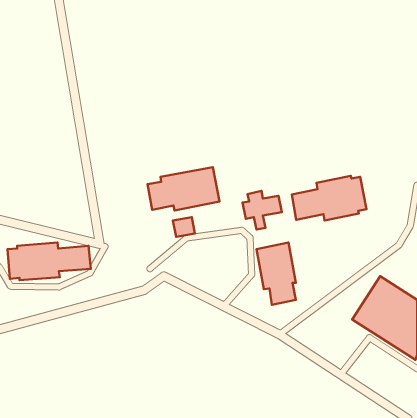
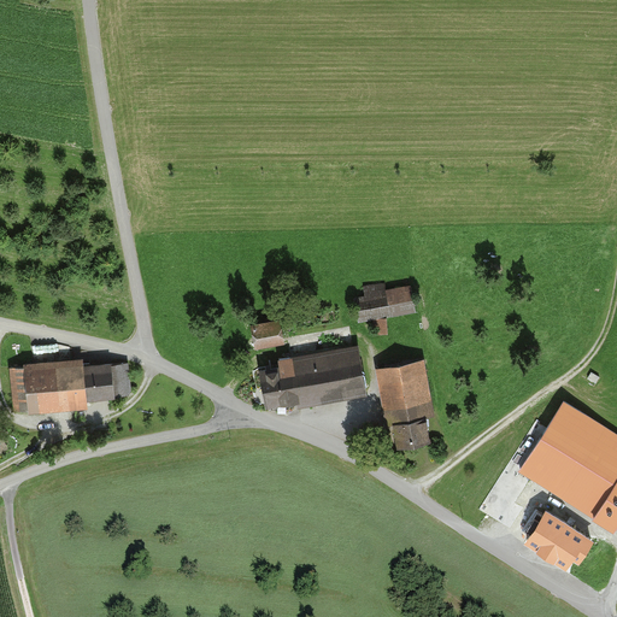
building: [147,167,219,210] -> [262,345,368,409]
building: [292,176,366,220] -> none
building: none -> [528,513,588,569]

